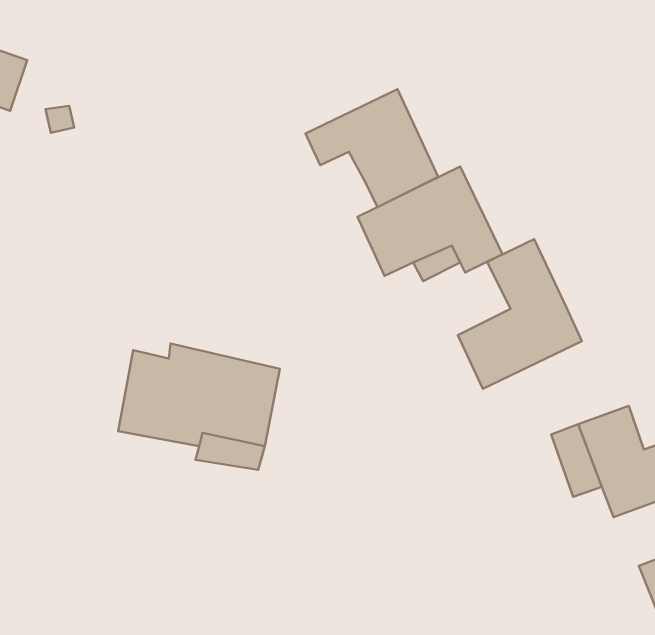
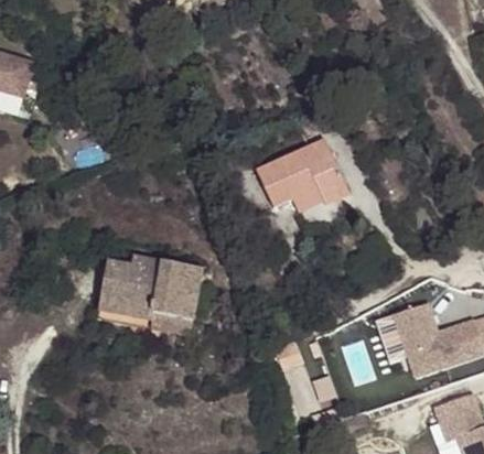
building: [306,89,438,207] -> none
building: [458,239,582,389] -> none

